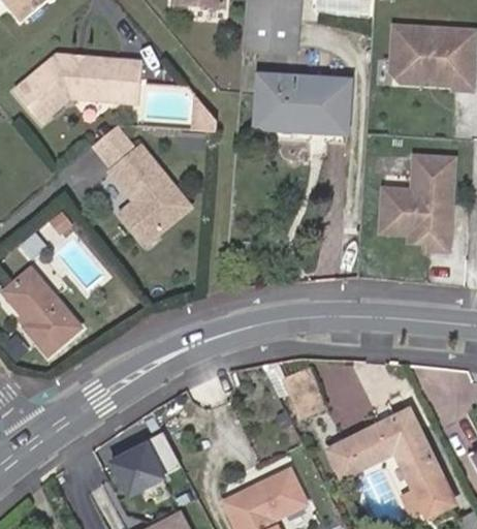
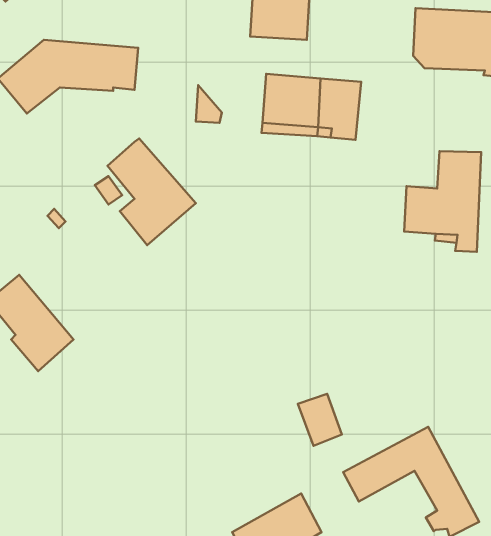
building: [90,122,137,169] -> none
building: [100,430,184,497] -> none

